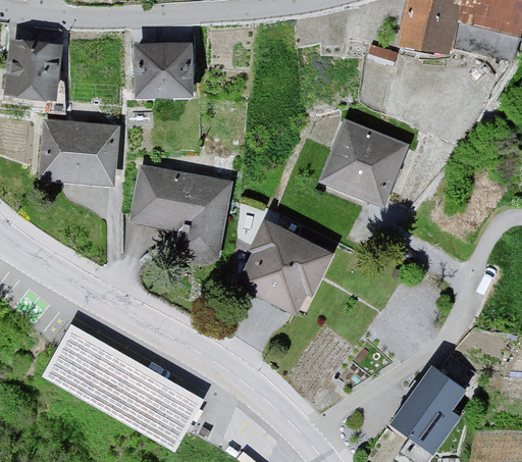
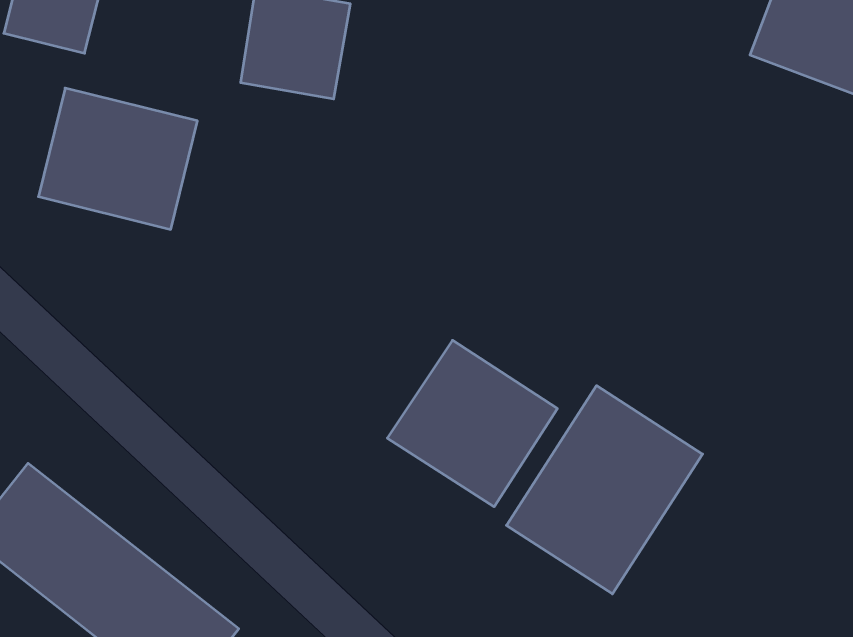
building: [330,113,417,196] -> none
building: [141,162,237,253] -> none
building: none -> [506,386,703,594]

